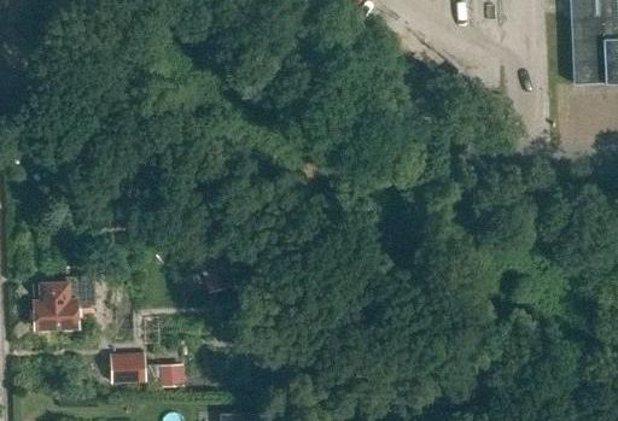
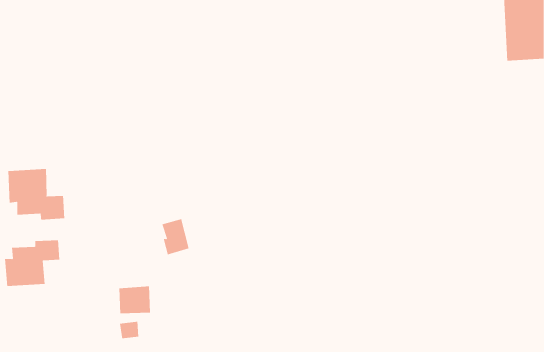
building: none -> [8,168,65,221]
building: [110,352,145,382] -> [118,286,151,314]

